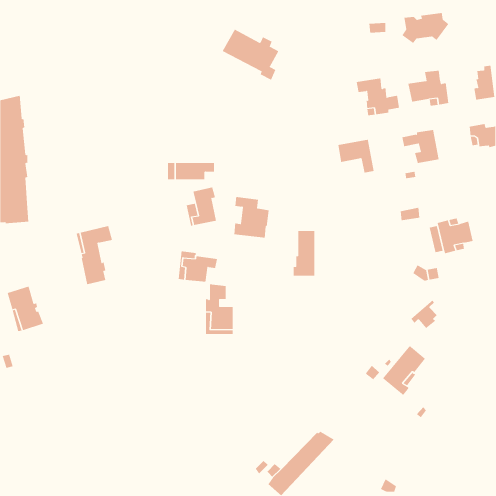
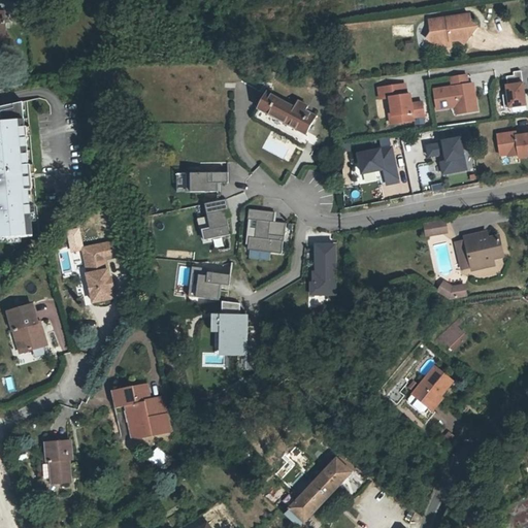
building: [222,29,279,80] -> [253,92,314,146]
building: none -> [113,383,168,438]
building: none -> [44,440,71,482]

